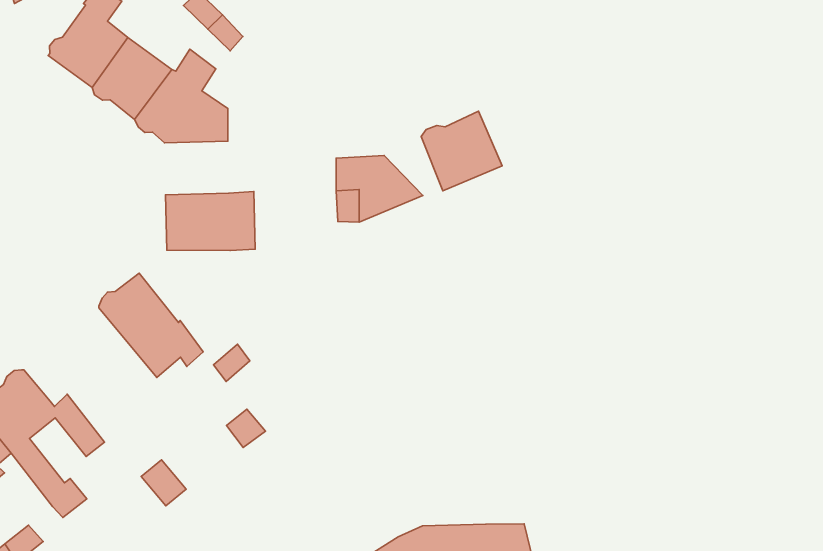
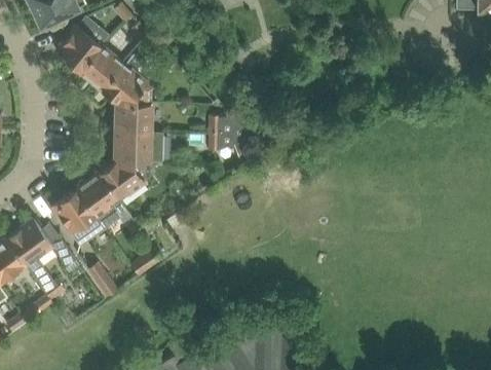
building: [421,111,502,191] -> none
building: none -> [115,103,150,132]
building: none -> [99,160,155,199]
building: none -> [52,189,105,246]

